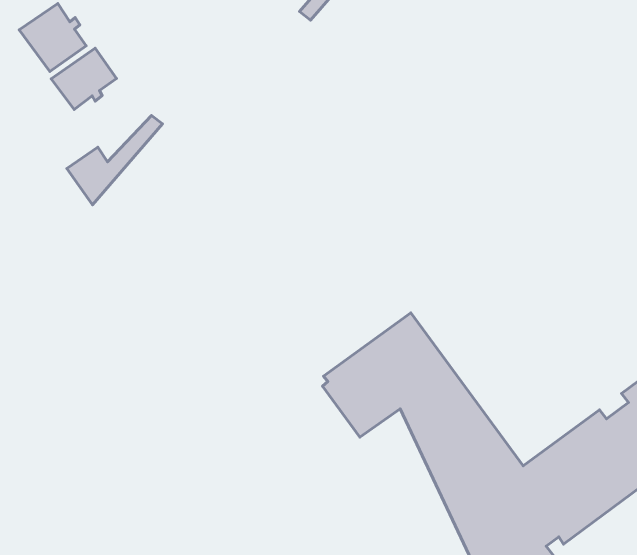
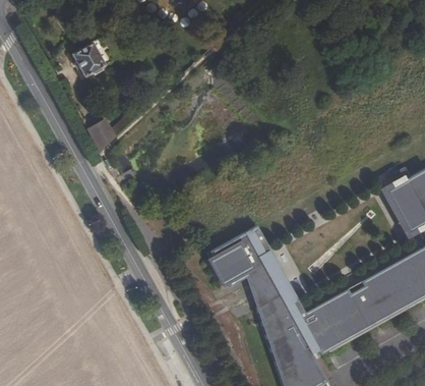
building: [51,48,117,110] -> none

